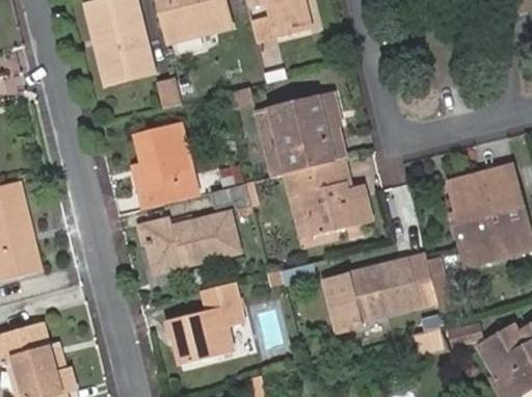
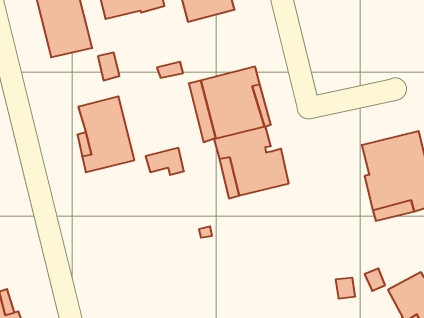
building: [142,214,240,270] -> none
building: [324,253,437,330] -> none
building: [167,282,244,365] -> none

